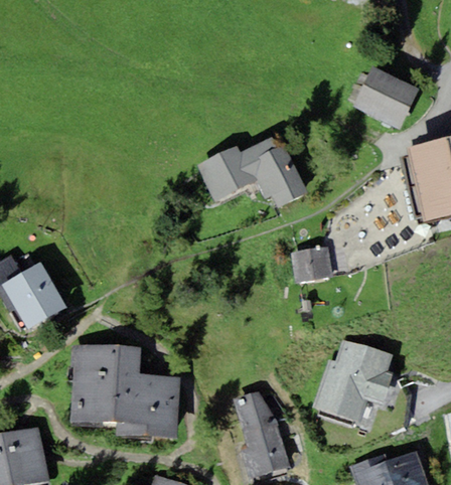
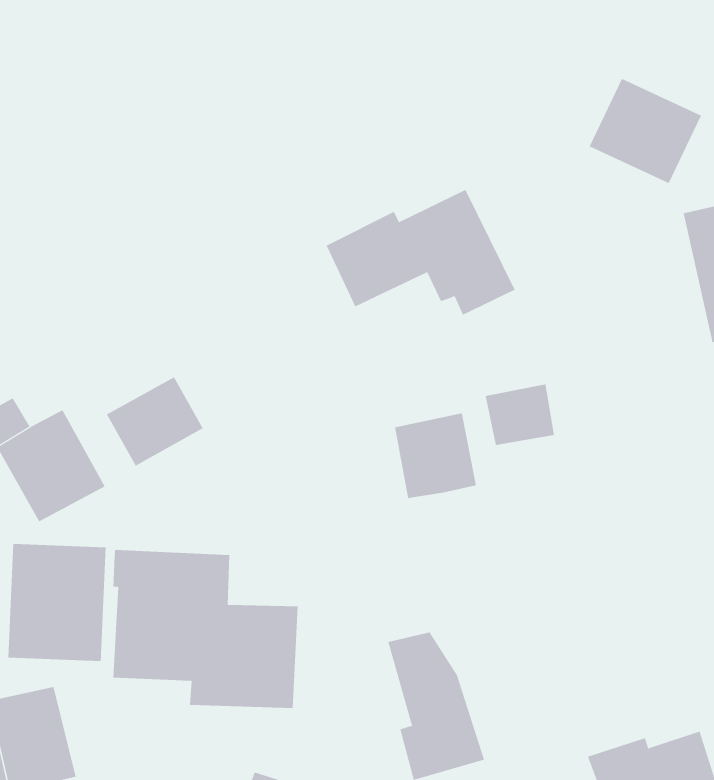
building: none -> [106,377,204,466]
building: none -> [394,413,476,499]
building: [313,340,391,422] -> none
building: none -> [8,543,106,662]

